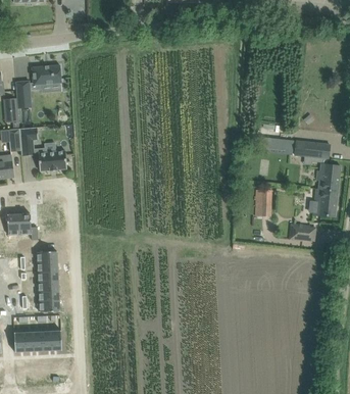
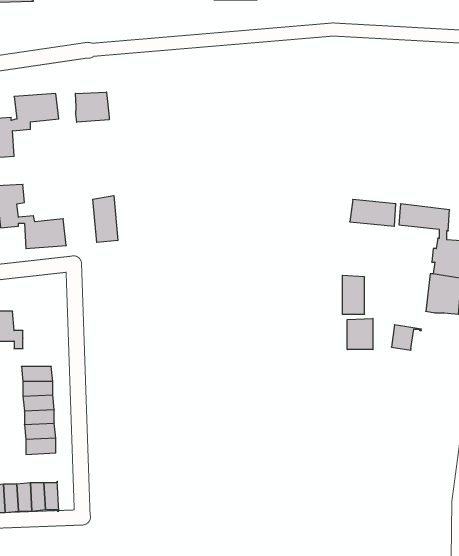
building: none -> [75,92,109,122]
building: none -> [93,196,118,242]
building: none -> [347,318,373,350]

